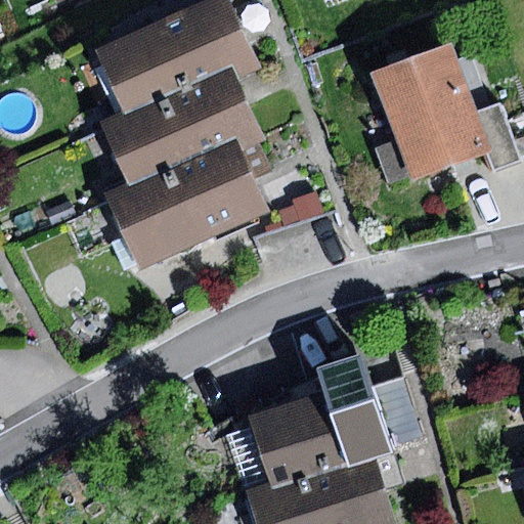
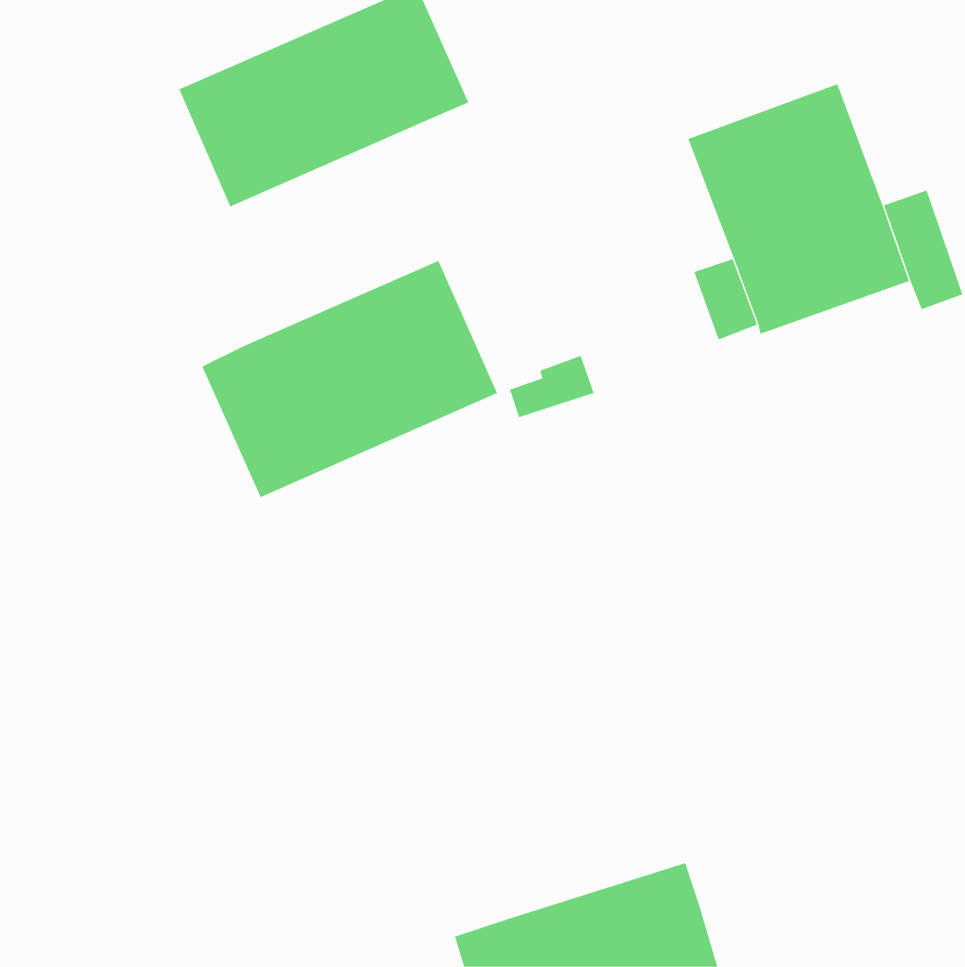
building: [102,64,260,186] -> none
building: [248,354,398,495] -> none

